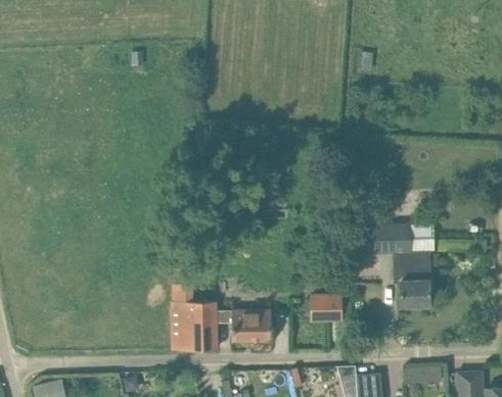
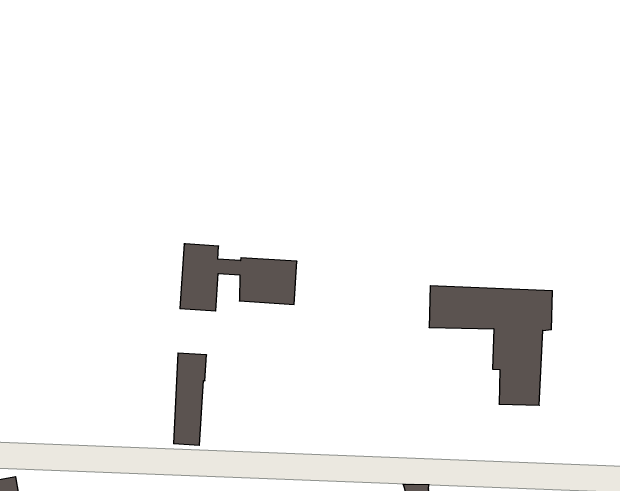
building: [310,295,341,322] -> none
building: [191,303,272,349] -> [180,244,297,311]

